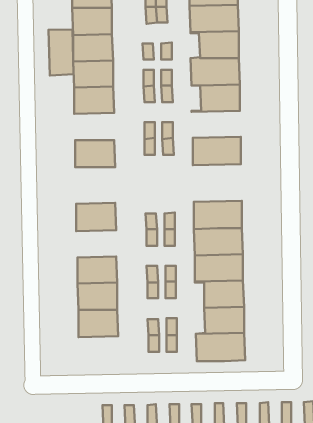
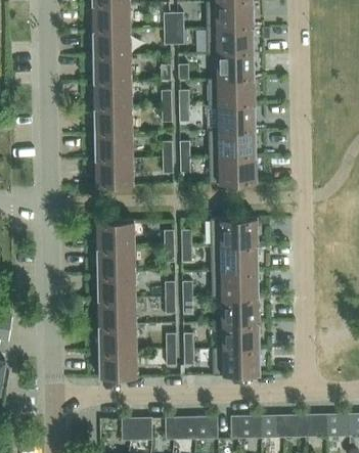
building: [49,30,73,75] -> none
building: none -> [208,132,256,158]
building: none -> [93,134,132,161]
building: none -> [95,248,134,275]
building: none -> [97,352,136,379]

